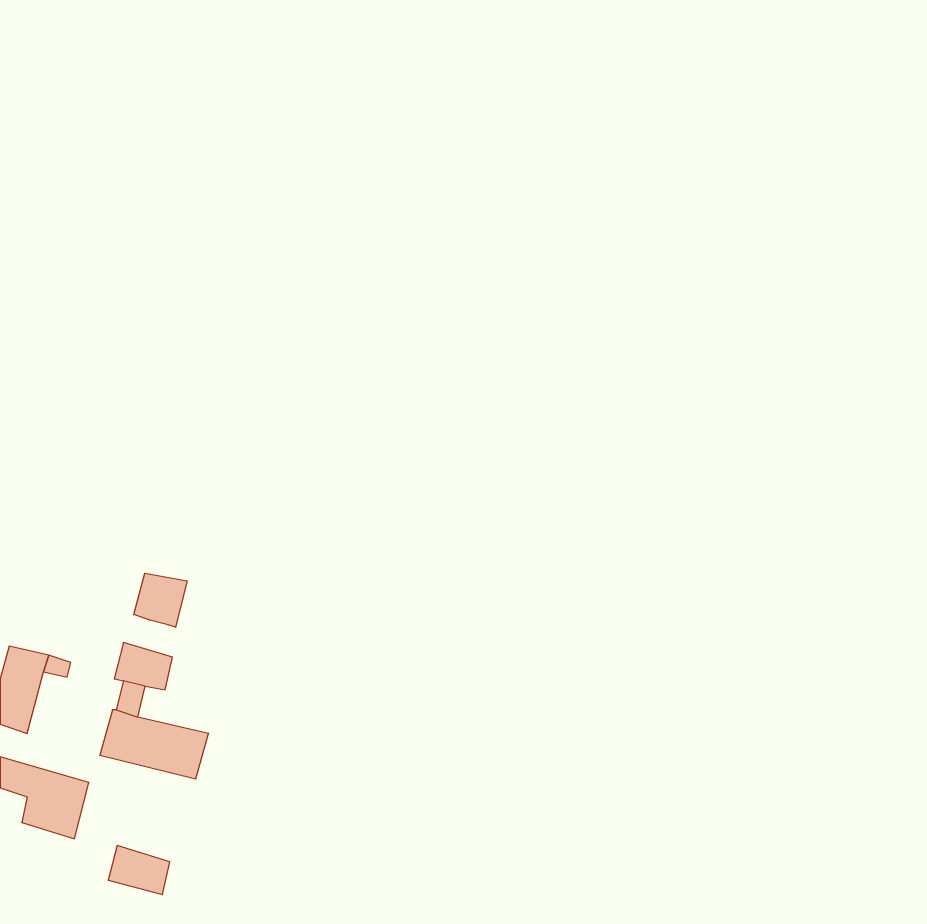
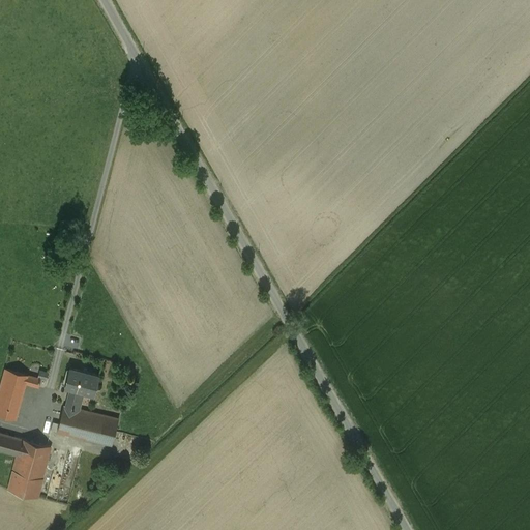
building: [134,573,187,627] -> none
building: [108,846,170,895] -> [7,471,42,499]

